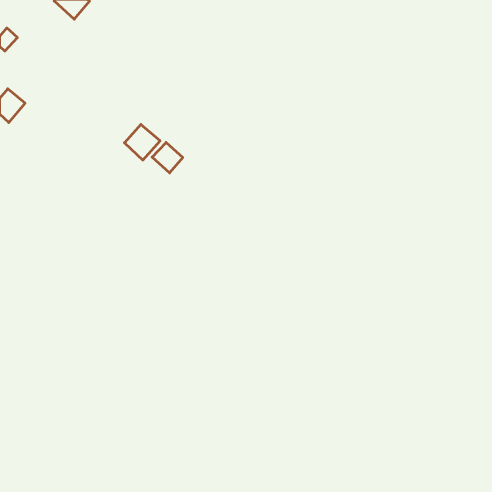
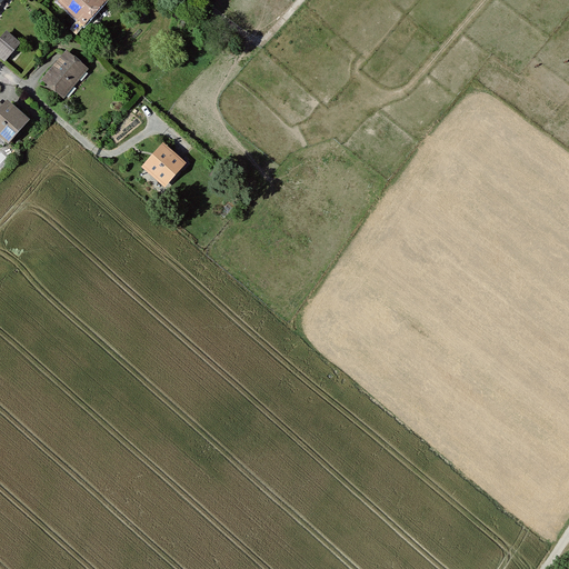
building: none -> [42,50,87,94]
building: [152,142,183,173] -> none

